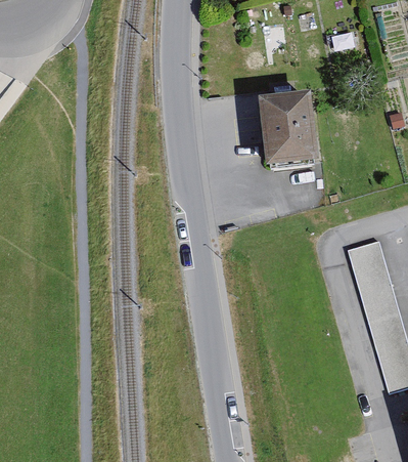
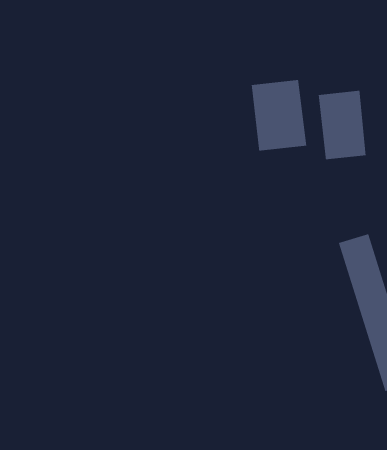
building: none -> [318,90,367,160]

